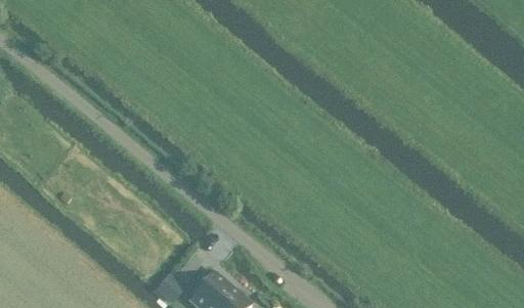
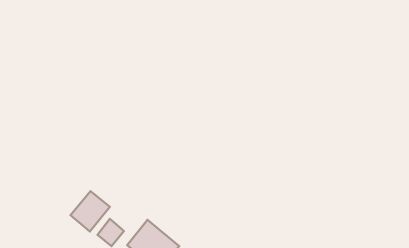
building: none -> [70,191,110,232]

